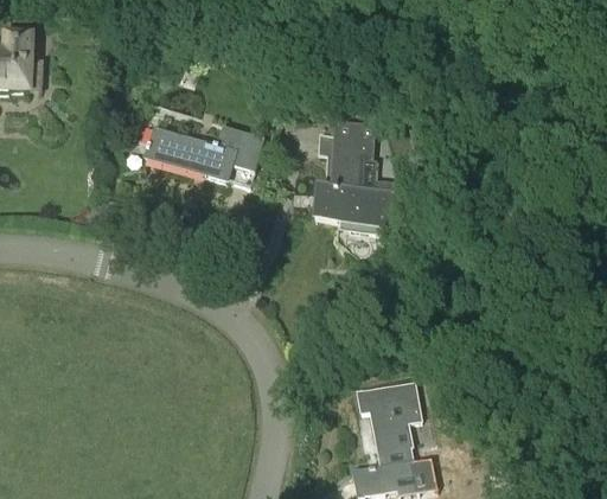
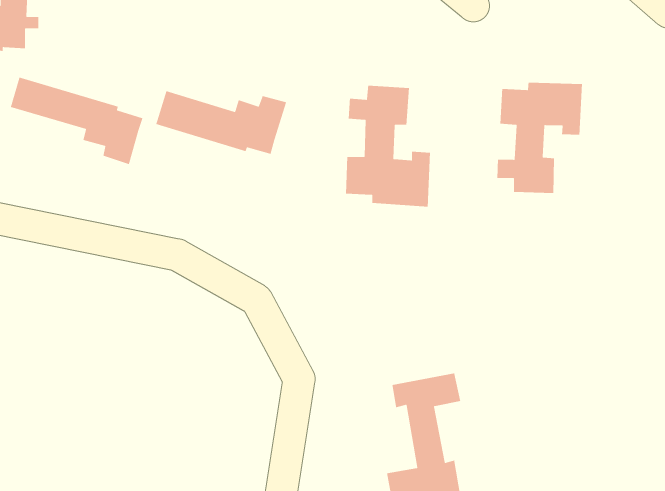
building: none -> [10,77,144,165]
building: none -> [497,82,583,194]

